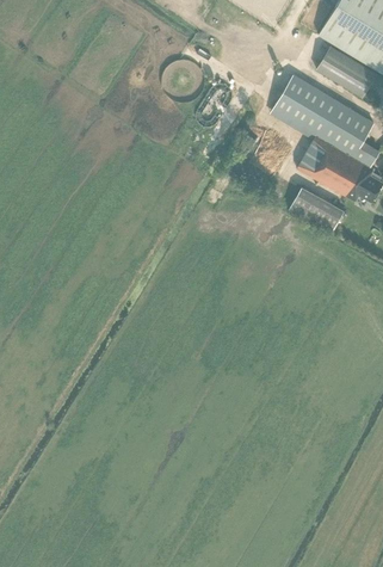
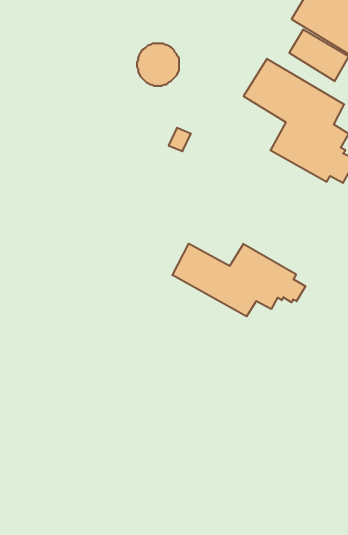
building: [289,186,345,233] -> none
building: none -> [172,244,305,316]

